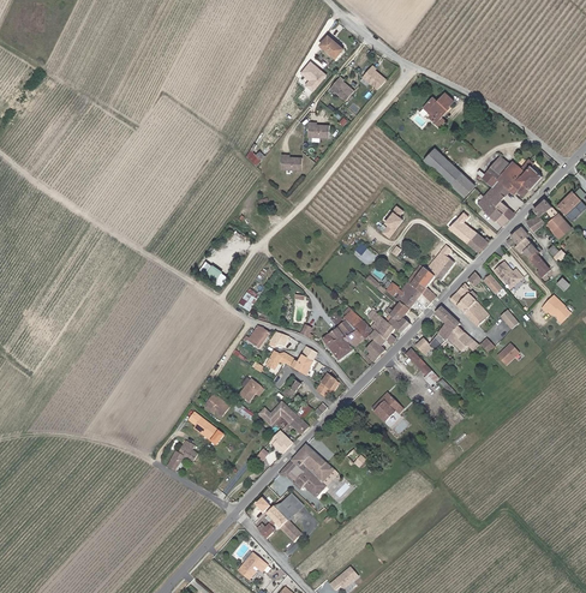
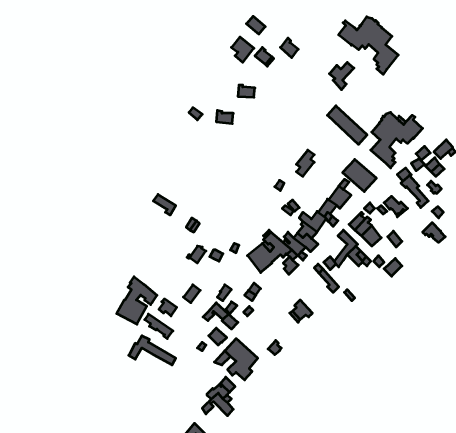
building: none -> [339,17,398,74]
building: [265,347,316,375] -> none
building: none -> [117,277,157,324]

